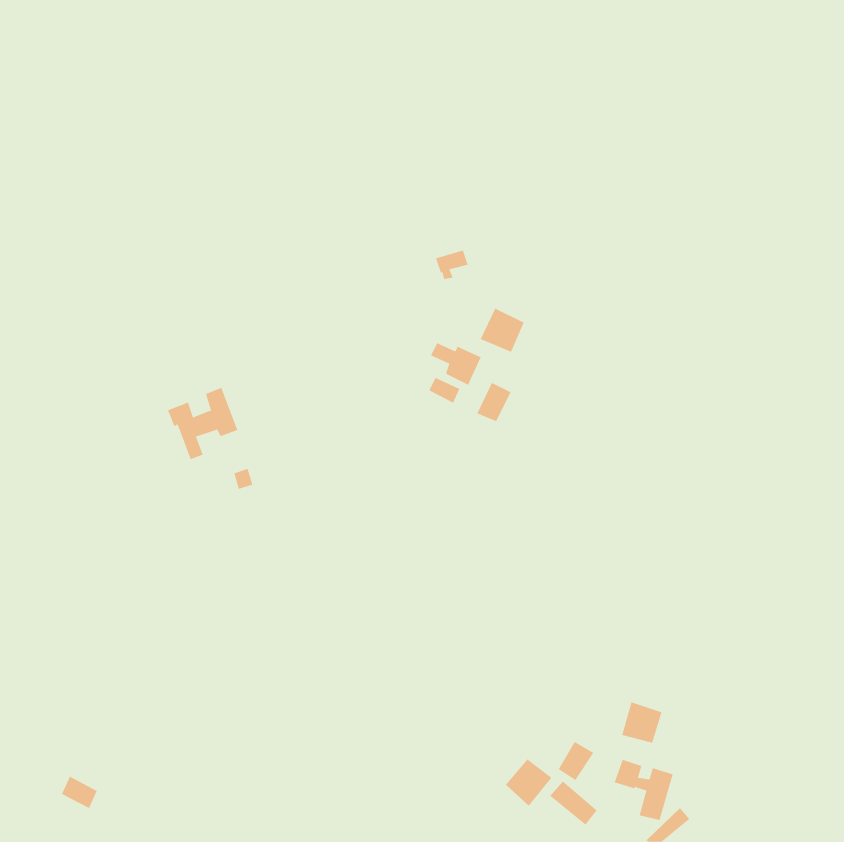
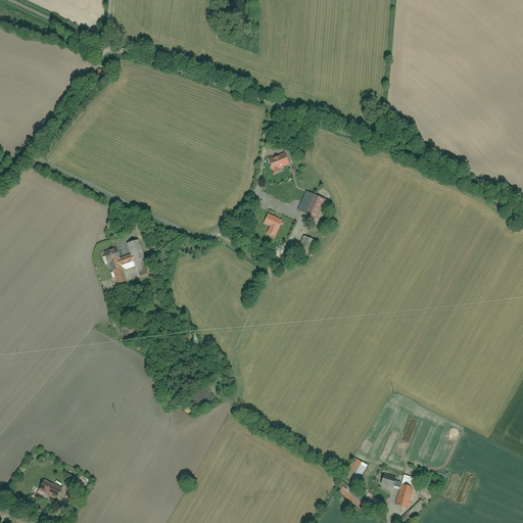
building: [621,702,662,744] -> none
building: [505,758,552,806] -> none

